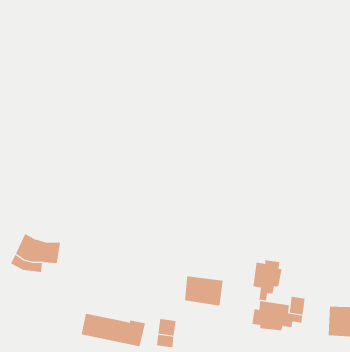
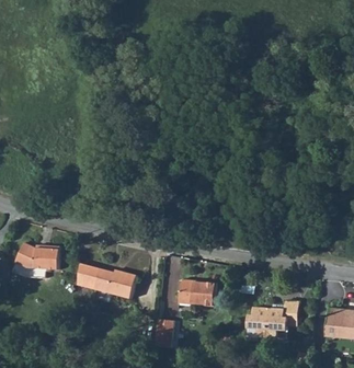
building: [253,259,282,301] -> none
building: [81,313,146,347] -> [73,265,137,298]

